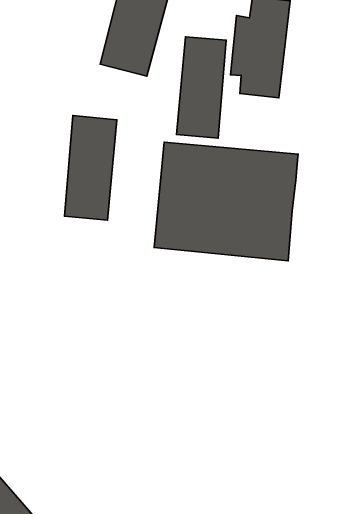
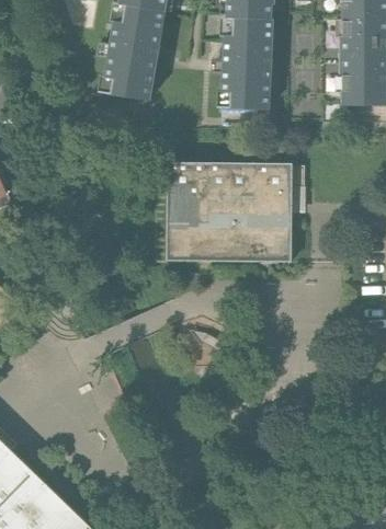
building: [176,37,226,138] -> none
building: [64,116,117,220] -> none

